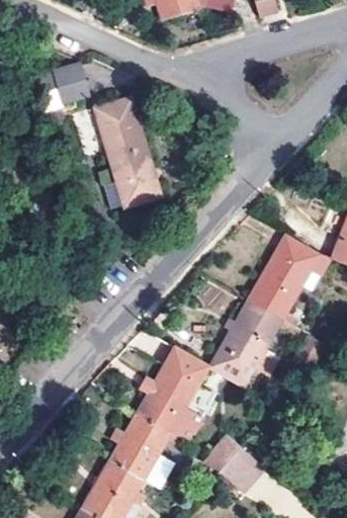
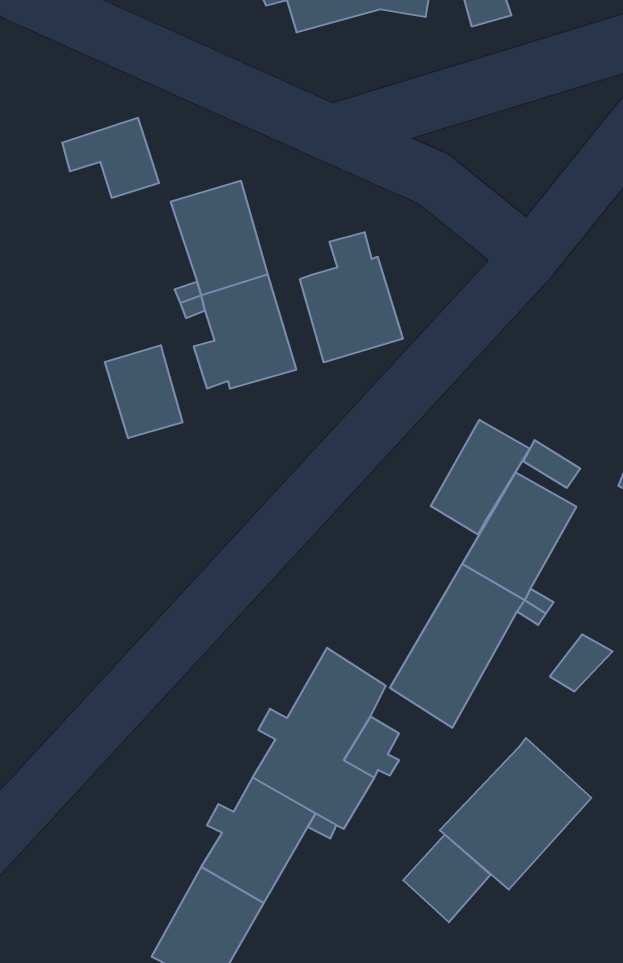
building: none -> [300,232,403,362]
building: none -> [105,345,182,438]
building: none -> [431,420,530,535]
building: none -> [440,738,591,890]

